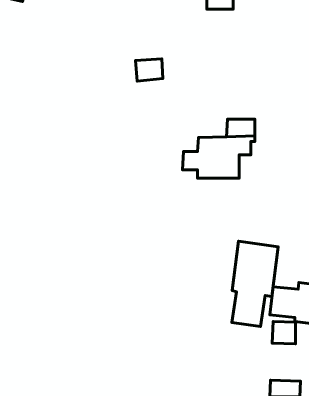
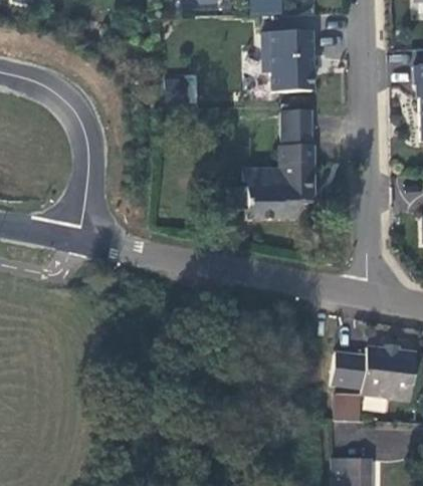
building: none -> [262,31,311,90]
building: none -> [280,109,314,147]
building: [232,241,278,326] -> none

